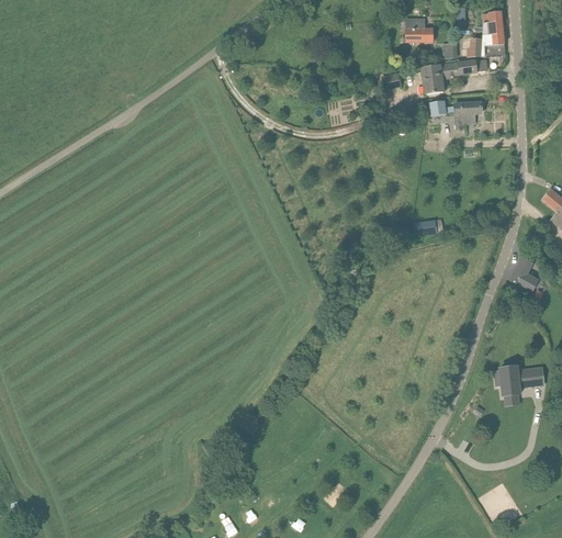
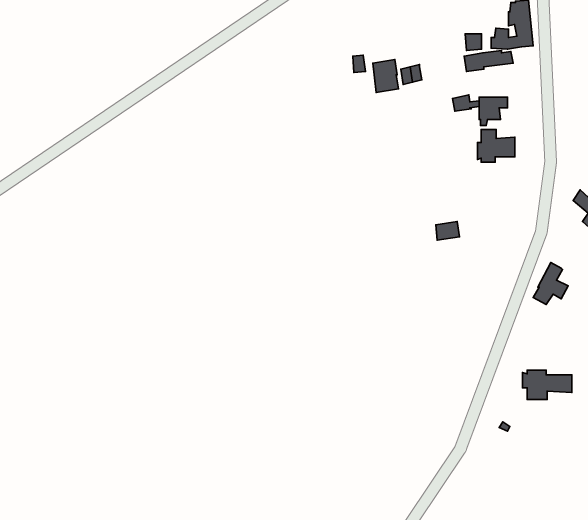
building: [405,19,434,43] -> none
building: [420,65,445,96] -> [373,60,398,92]
building: none -> [477,129,515,162]

